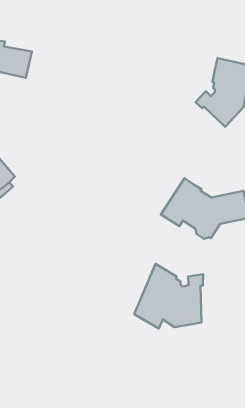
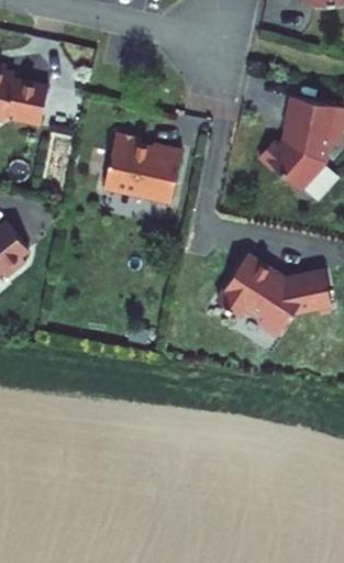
building: none -> [103,133,180,202]
building: [134,264,203,329] -> none

